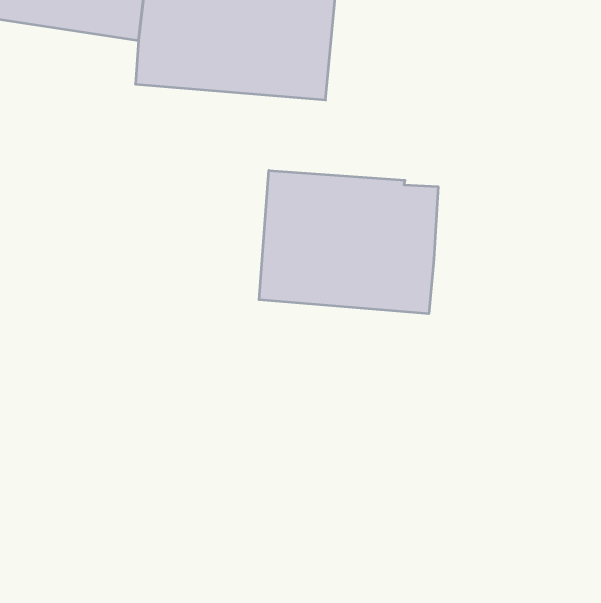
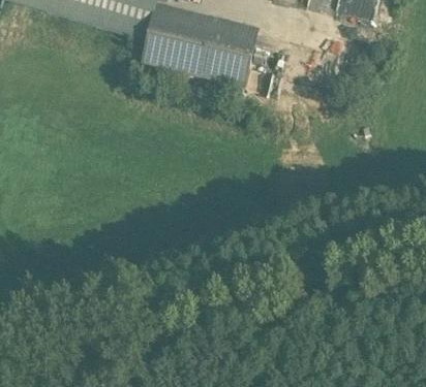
building: [259,170,438,314] -> none

